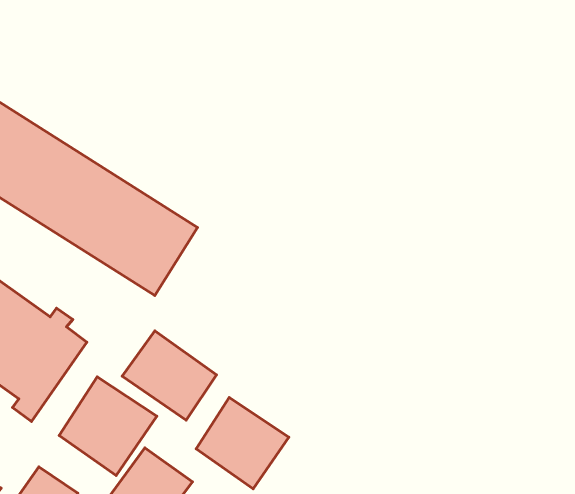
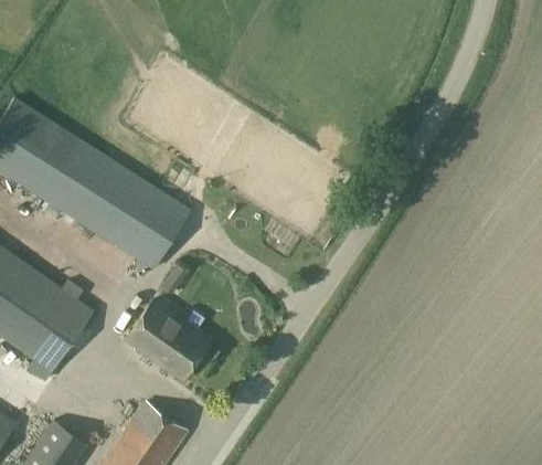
building: [59,377,157,475] -> none
building: [196,398,289,489] -> none

